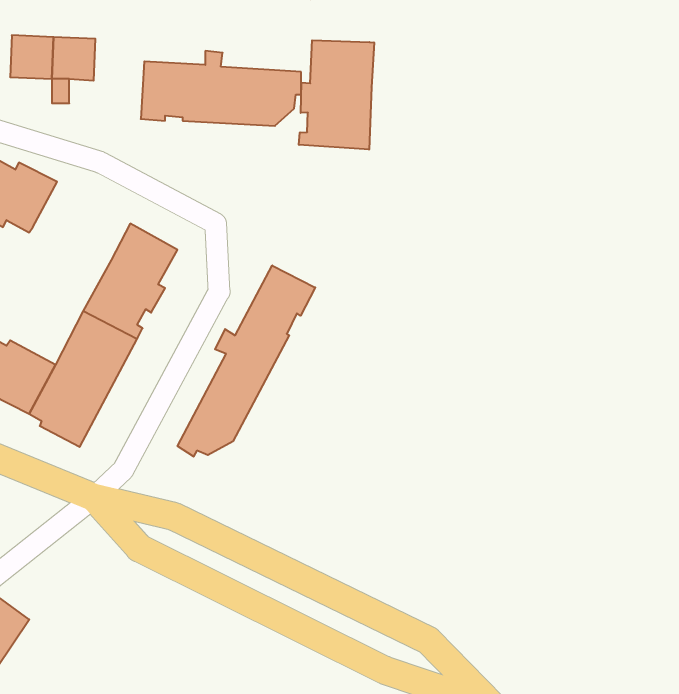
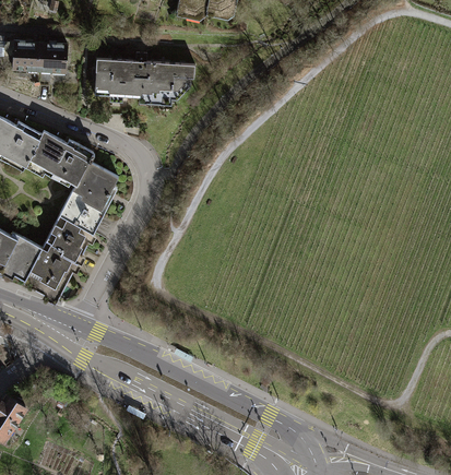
building: [299,40,374,150] -> none
building: none -> [27,132,95,183]
building: [178,265,315,457] -> none

